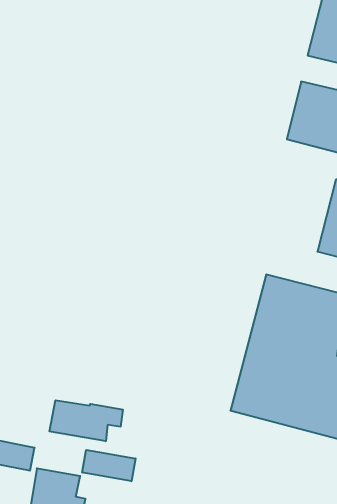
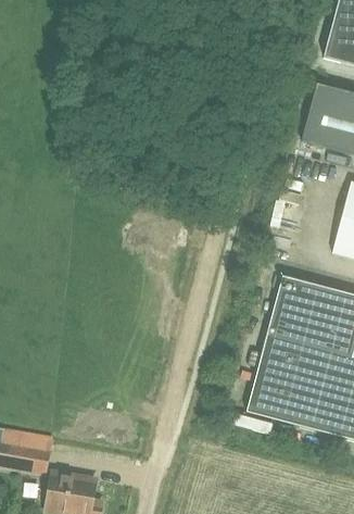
building: [49,400,123,441] -> none
building: [82,450,136,481] -> none

